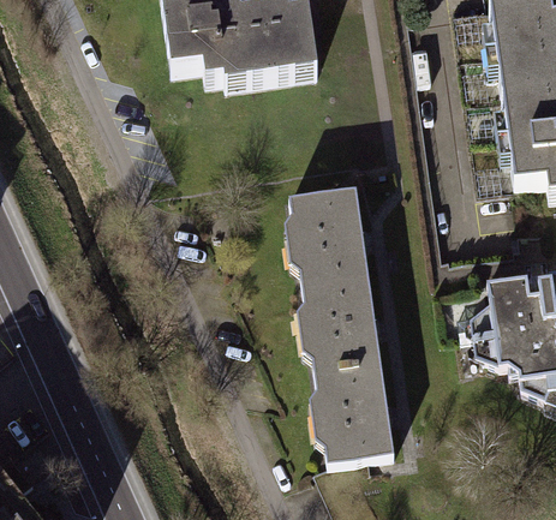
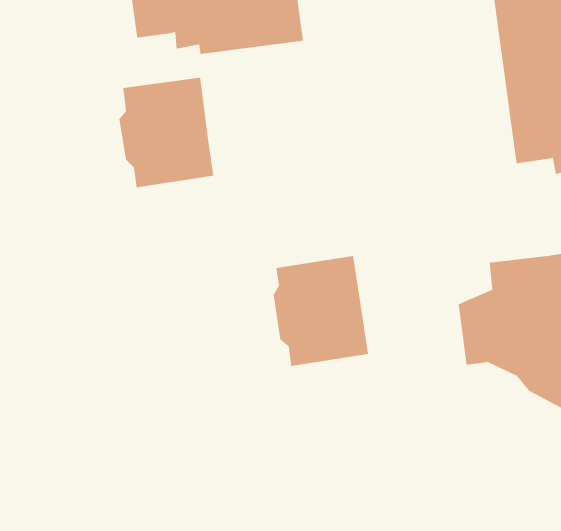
building: [283,183,369,281] -> [118,77,214,188]
building: [310,358,395,456] -> none

